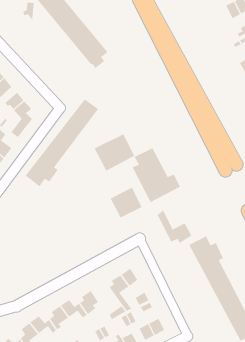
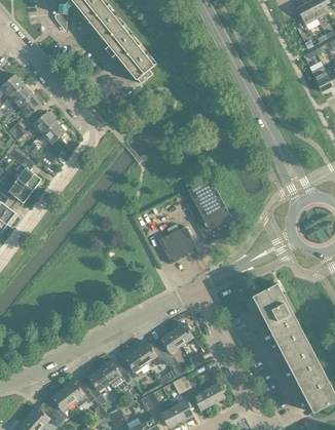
building: [25,98,99,187] -> none
building: [94,134,135,171] -> none
building: [157,209,192,244] -> none
building: none -> [136,343,168,366]

